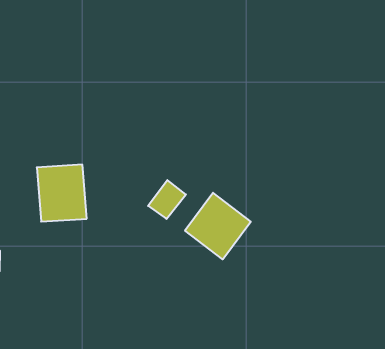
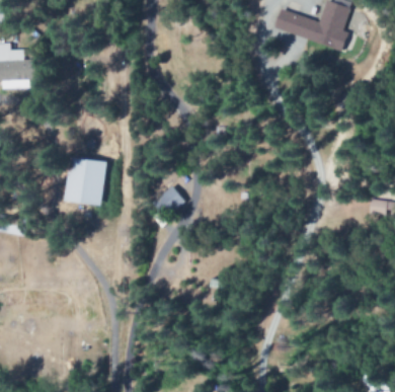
building: [185,193,251,259] -> none

